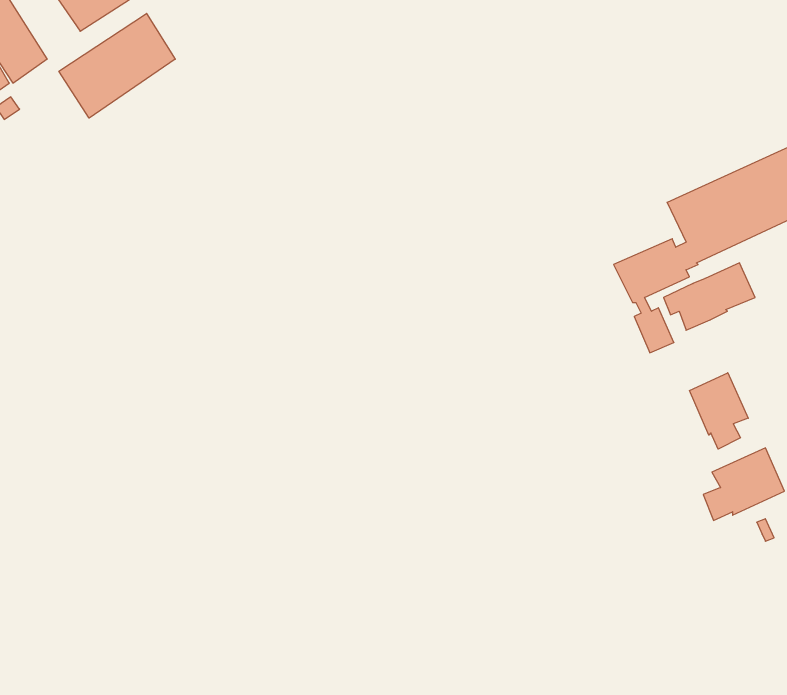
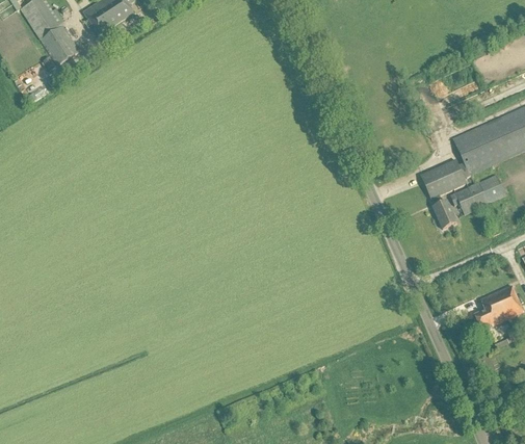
building: [59,13,175,118] -> none
building: [689,373,748,449] -> none

